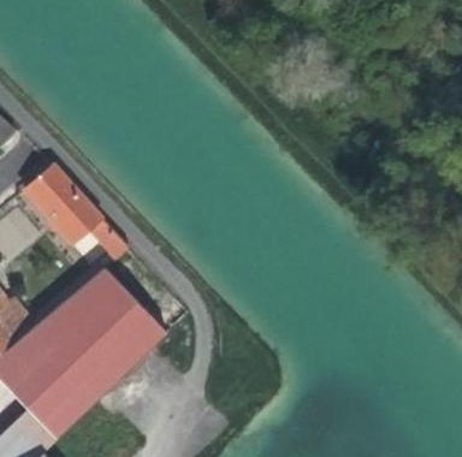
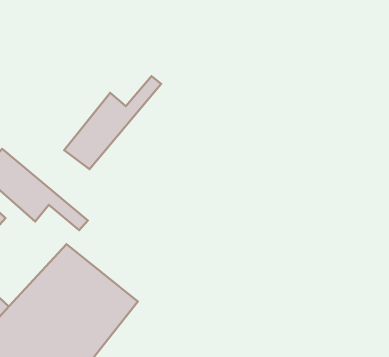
building: none -> [64,76,161,169]

